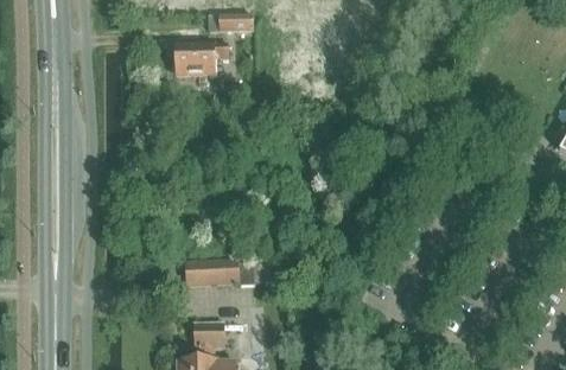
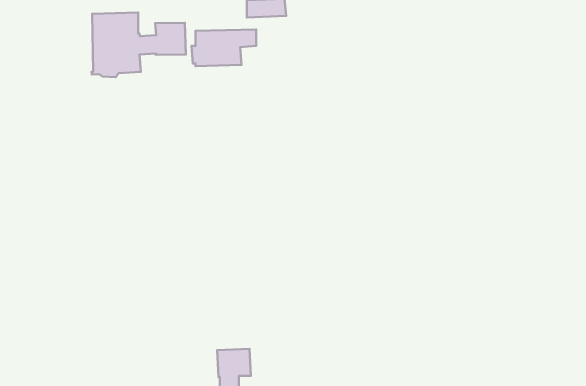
building: none -> [92,12,186,77]
building: [184,259,237,285] -> none

